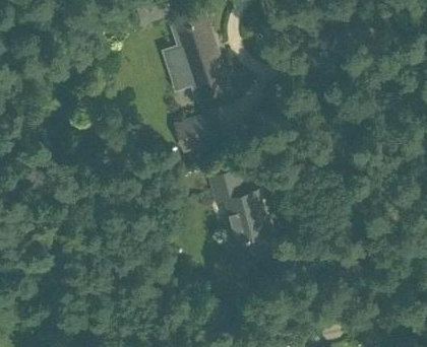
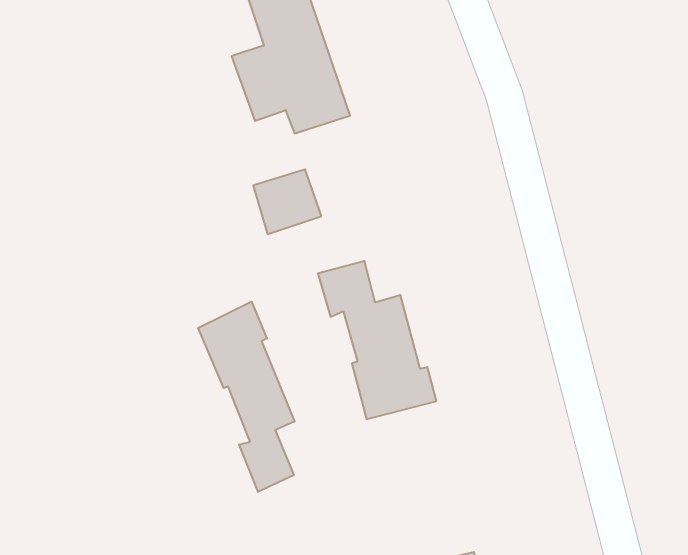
building: none -> [198,302,295,492]

